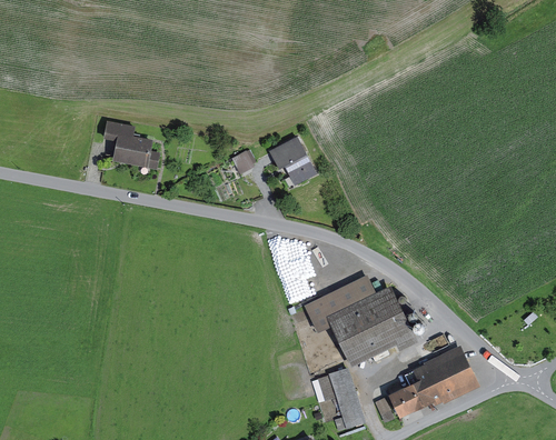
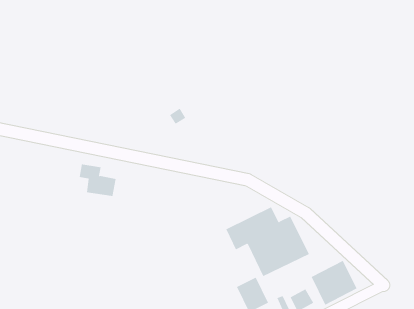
building: [105,122,155,166] -> [79,164,116,197]
building: [272,138,315,186] -> none

